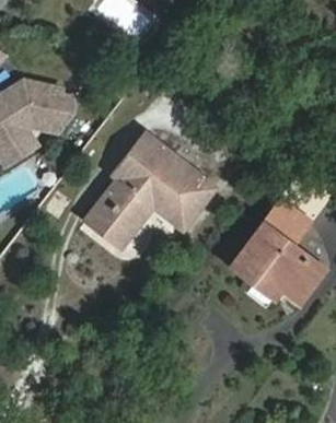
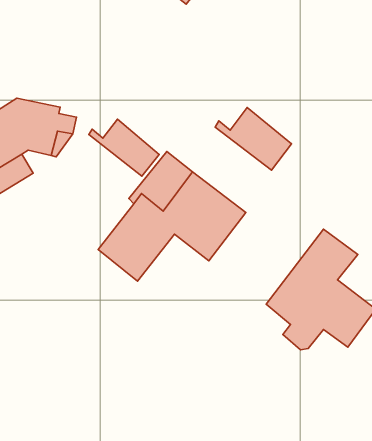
building: none -> [215,107,292,170]
building: none -> [89,119,159,176]

